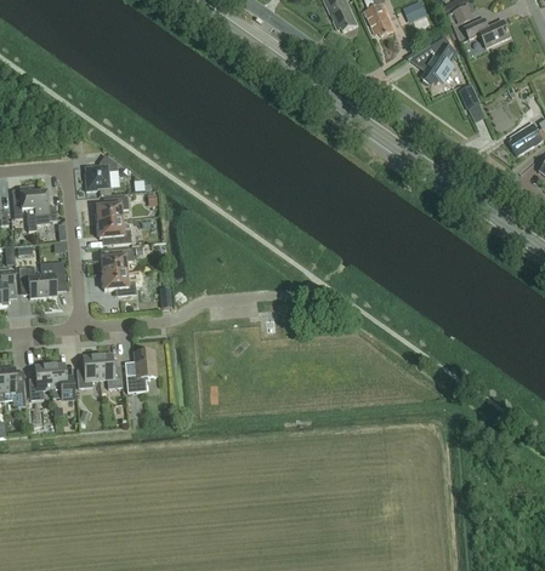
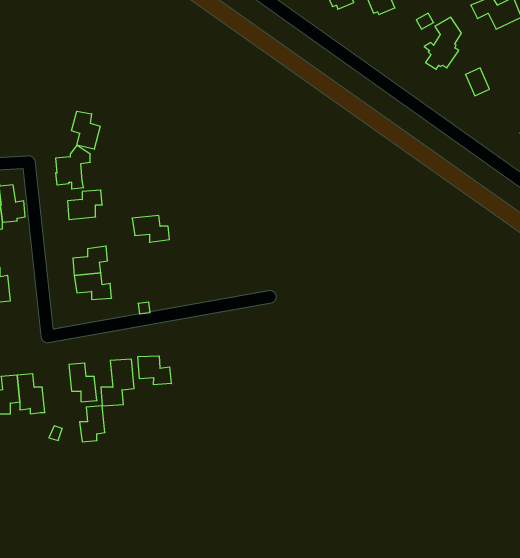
building: none -> [71,111,100,149]
building: [97,219,131,244] -> [132,216,169,242]
building: [40,261,64,296] -> none
building: none -> [138,356,171,385]
building: [76,354,100,387] -> [80,406,105,442]

